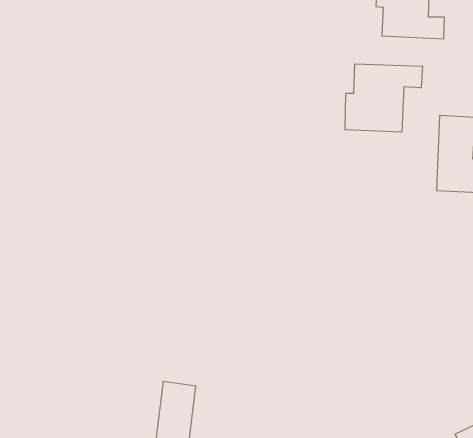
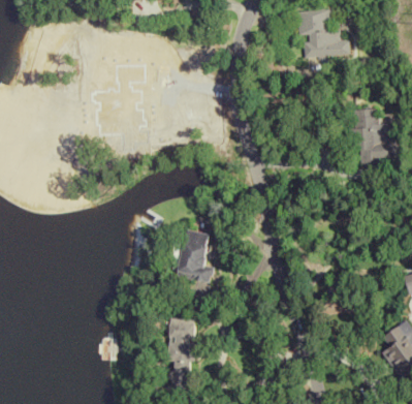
building: [345,64,422,132] -> none
building: none -> [177,228,212,280]

